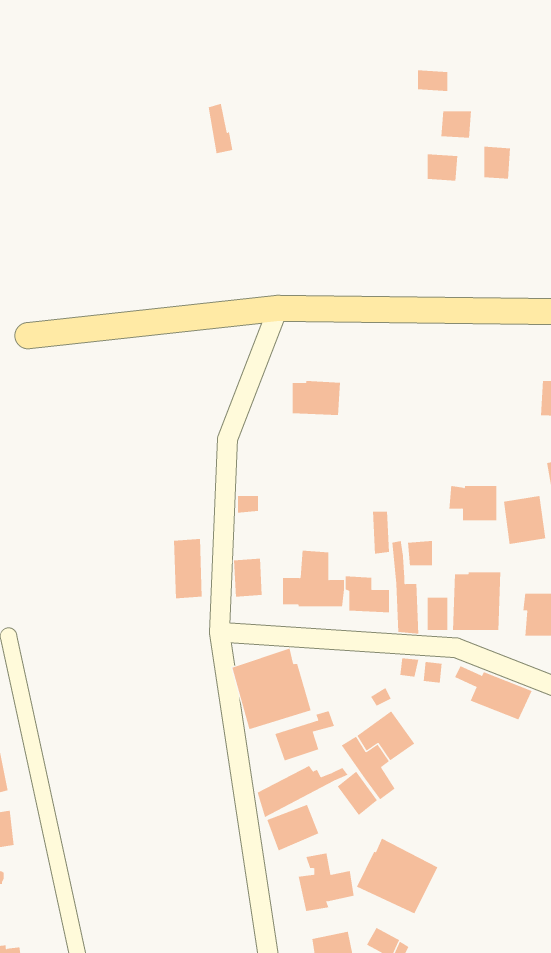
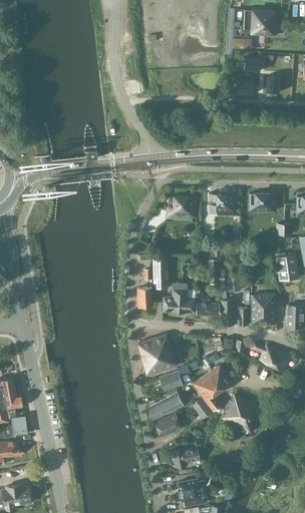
building: none -> [252,10,276,33]
building: none -> [209,192,234,210]
building: [448,486,497,521] -> [249,192,274,210]
building: [173,538,203,599] -> [154,258,169,289]
building: [356,838,438,914] -> [222,393,264,432]

